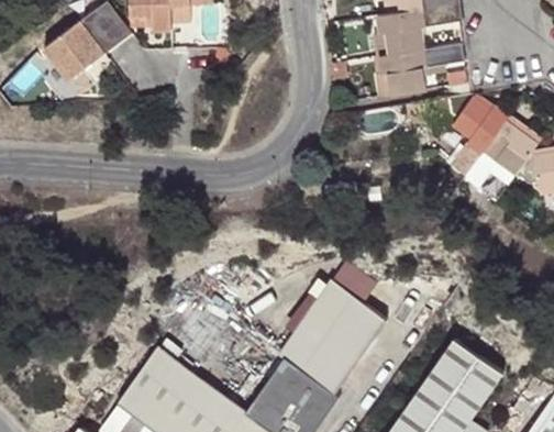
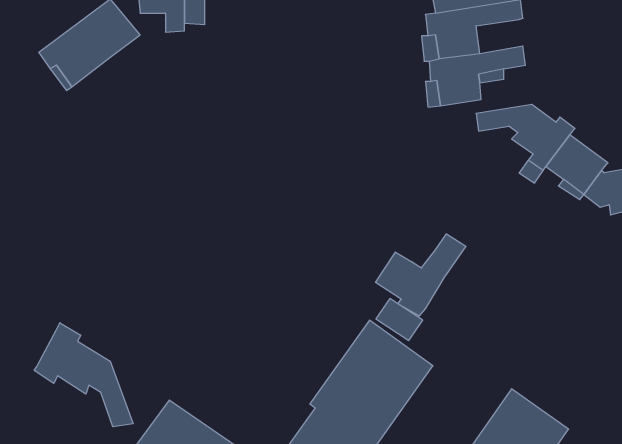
building: none -> [375,234,466,316]
building: none -> [34,323,133,427]

